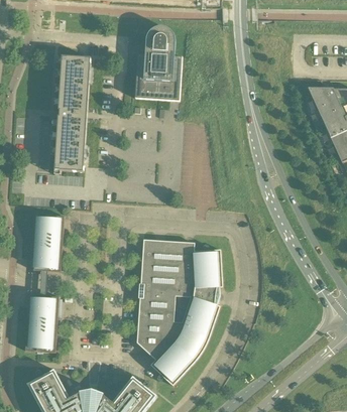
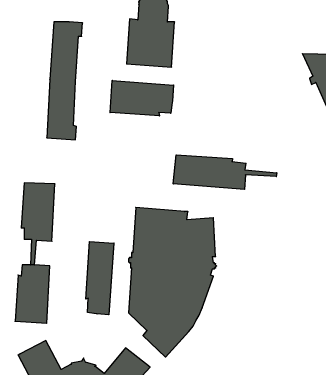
building: none -> [110,80,174,116]
building: none -> [173,155,277,189]
building: none -> [86,242,114,315]

